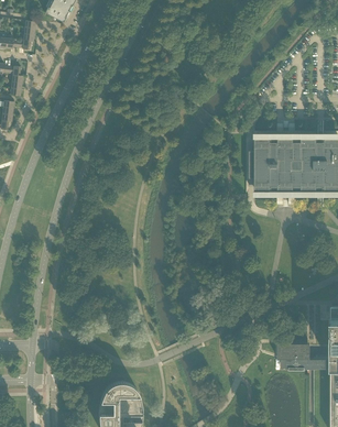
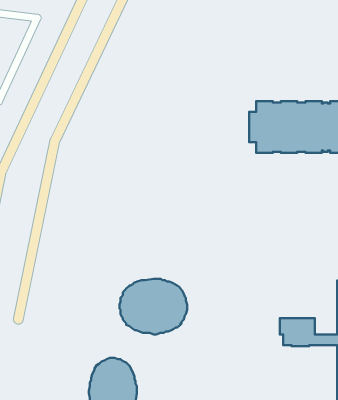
building: none -> [119,279,187,334]

